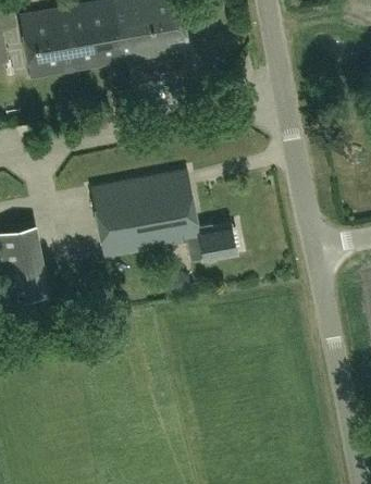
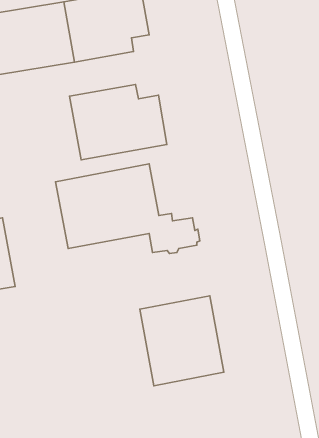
building: none -> [70,84,167,160]
building: none -> [140,296,224,386]

